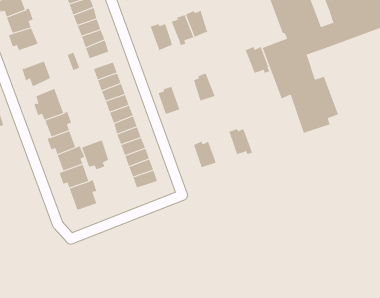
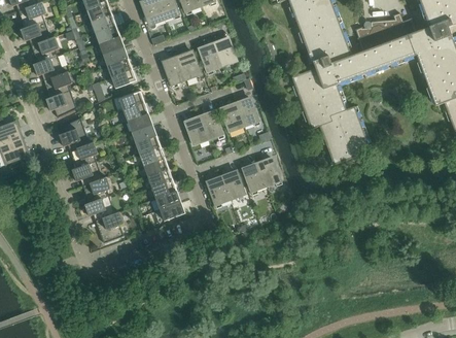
building: none -> [162,56,185,89]
building: none -> [42,72,71,98]
building: [245,46,270,74] -> [234,99,259,127]
building: none -> [199,112,223,140]
building: none -> [242,163,265,196]
building: [82,140,109,170] -> none
building: none -> [206,176,229,208]

